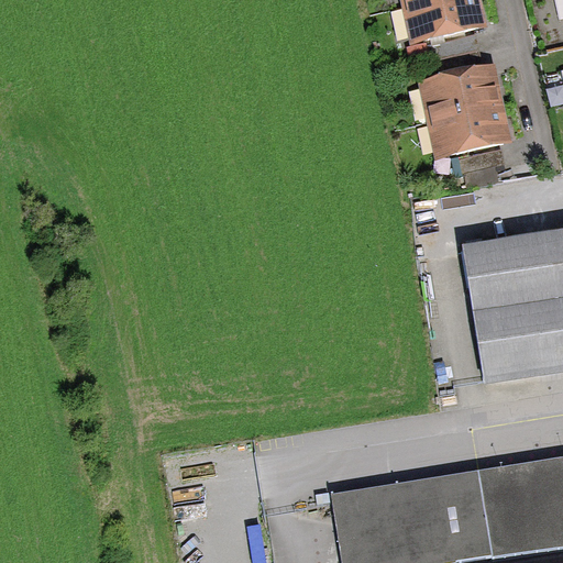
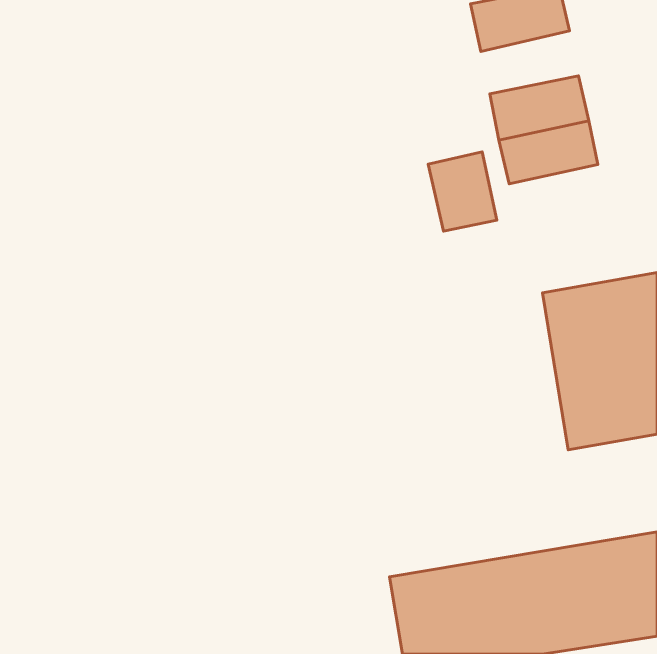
building: none -> [428,152,497,231]

